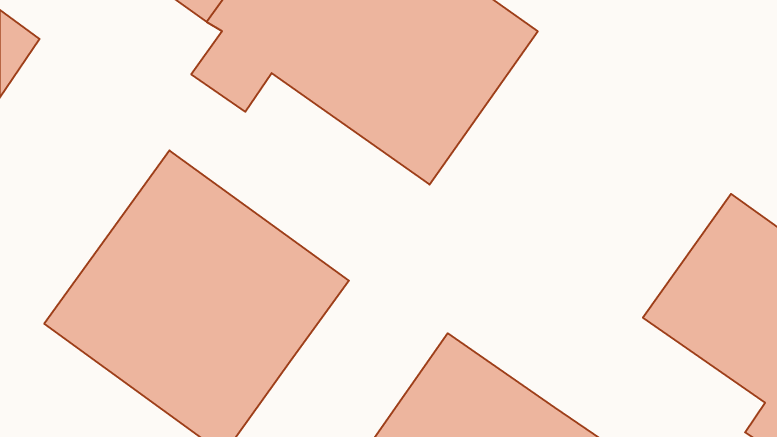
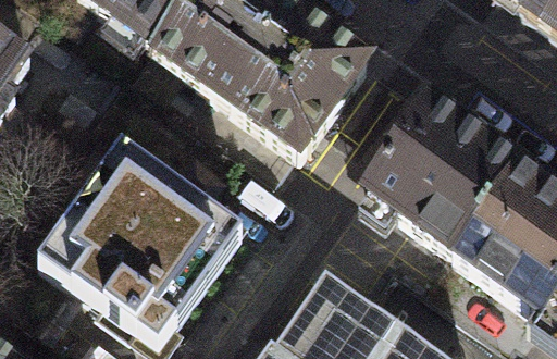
building: none -> [368,106,519,256]

